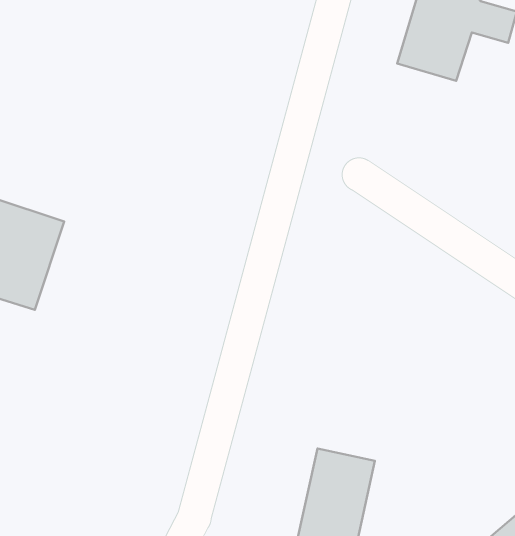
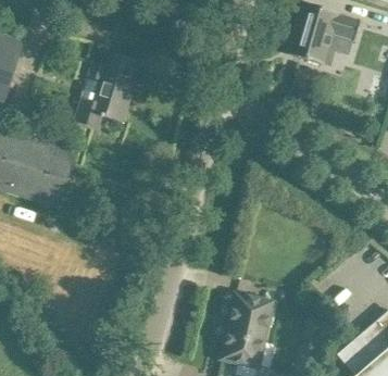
building: none -> [76,53,141,127]

